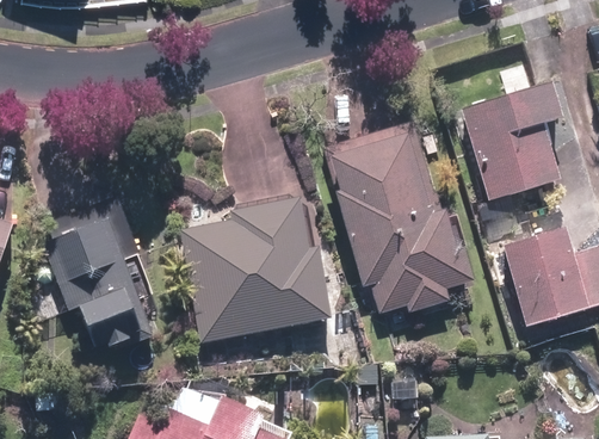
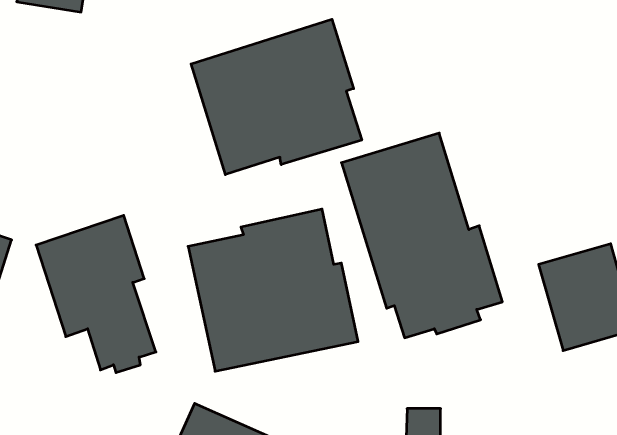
building: none -> [191,19,362,175]
building: [462,86,561,199] -> none

